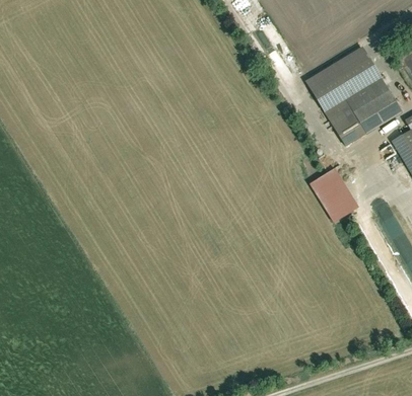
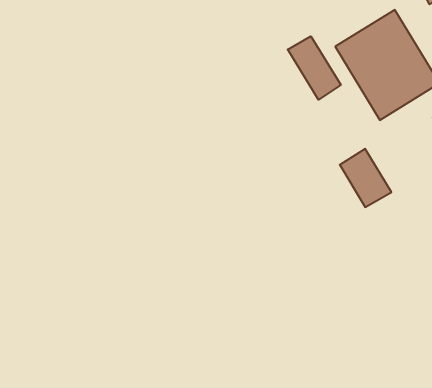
building: none -> [288,36,341,100]

